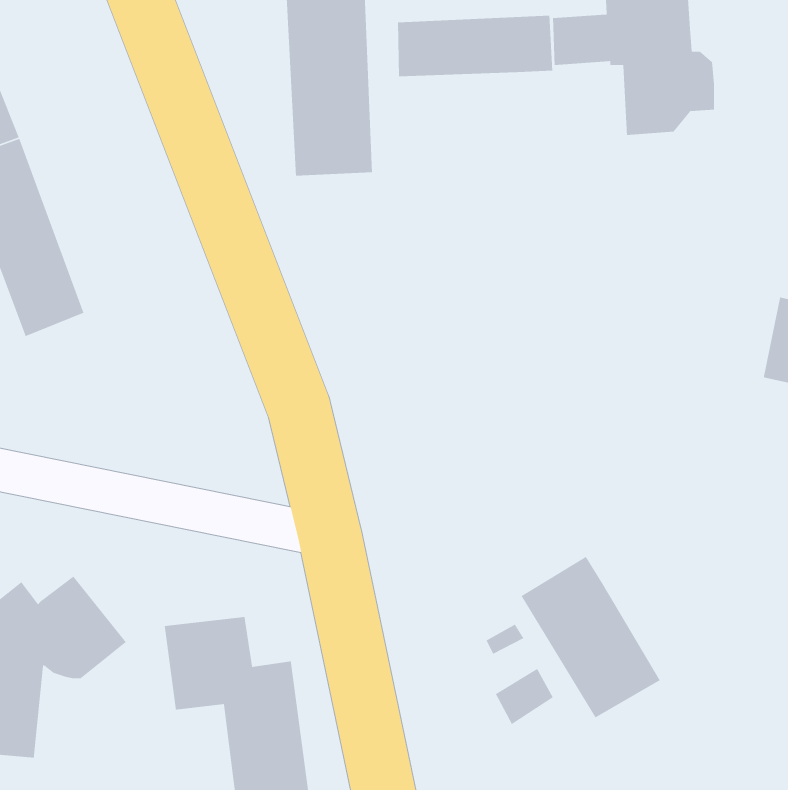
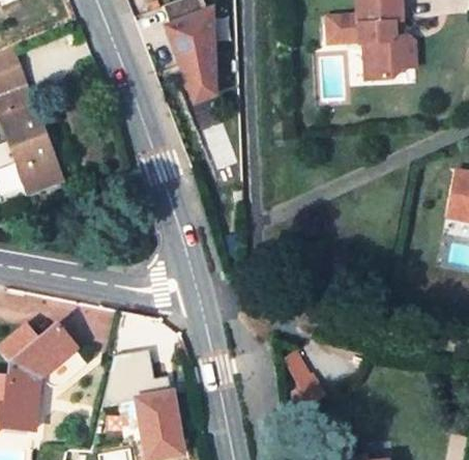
building: [397,15,553,77] -> none
building: [520,556,661,719] -> none

